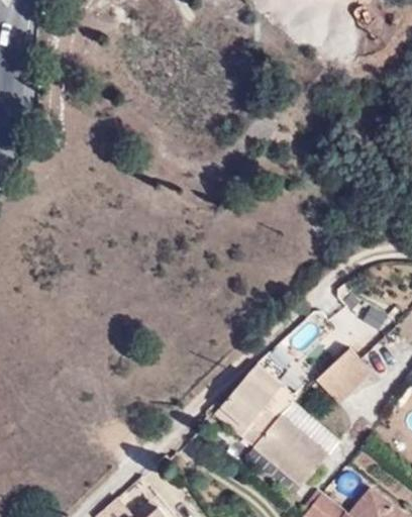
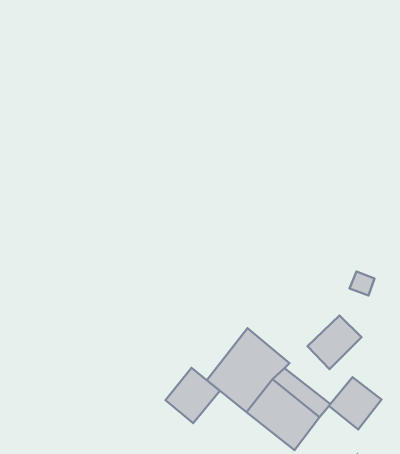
building: none -> [166,368,220,423]
building: none -> [329,377,382,430]

